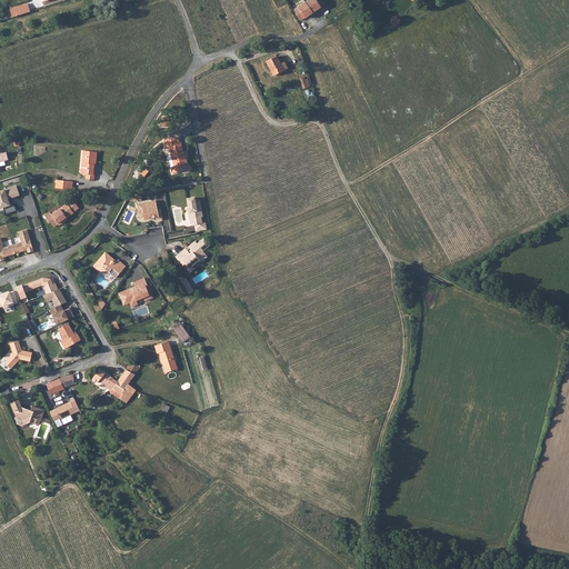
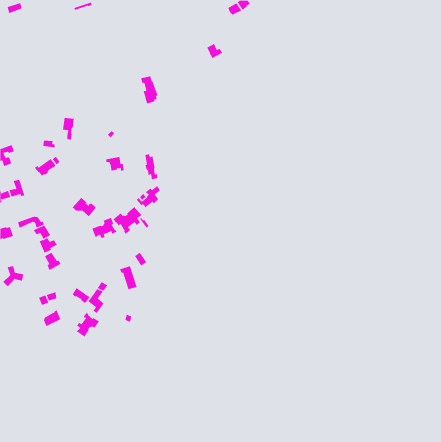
building: [163,137,187,173] -> [140,76,158,104]
building: none -> [113,206,143,235]
building: [9,400,43,426] -> none
building: none -> [76,312,100,337]

